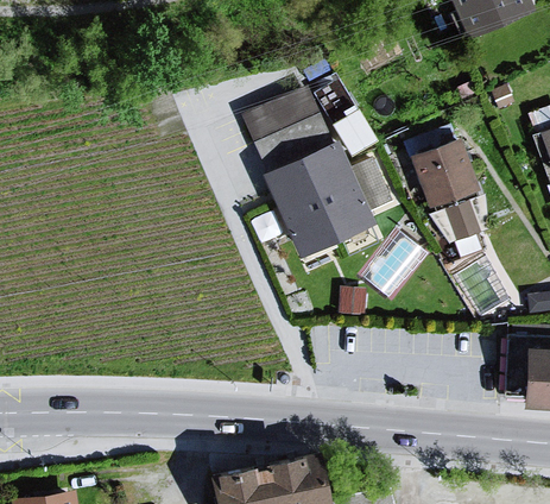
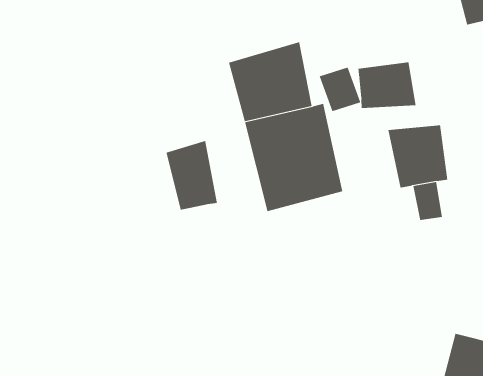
building: none -> [358,62,416,109]
building: none -> [166,140,217,211]

